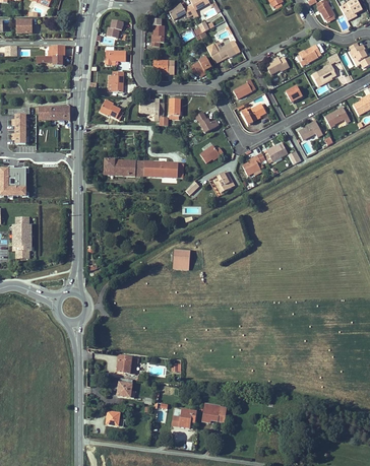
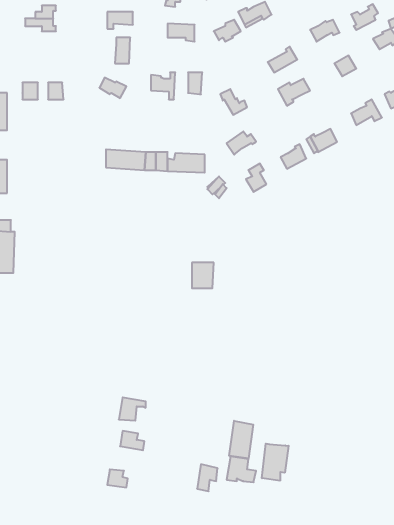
building: none -> [229,421,253,458]
building: none -> [262,444,289,481]

